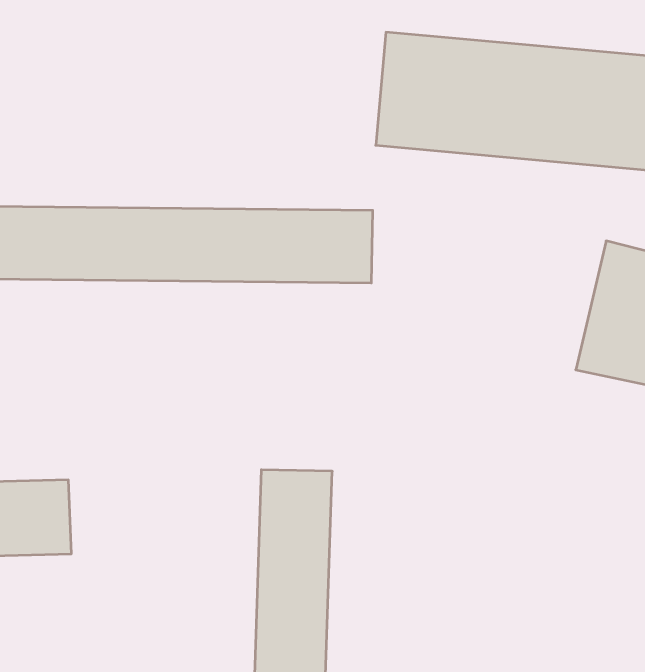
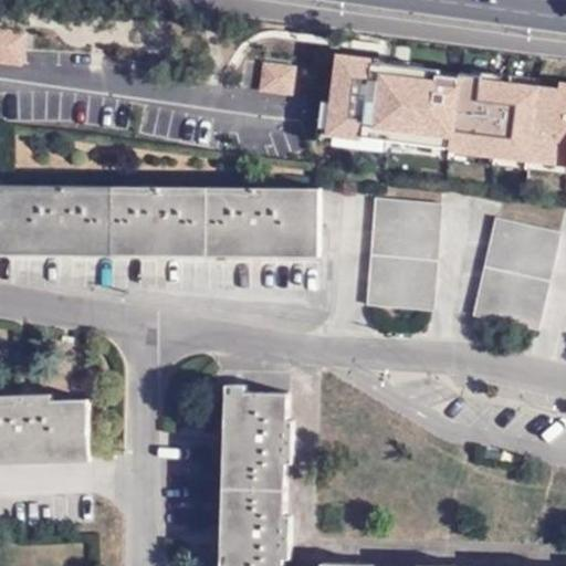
building: none -> [254,60,302,92]
building: none -> [366,199,437,311]

